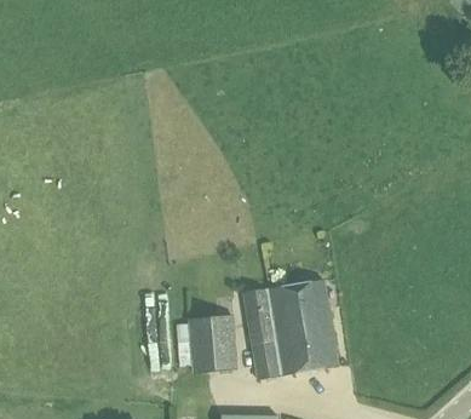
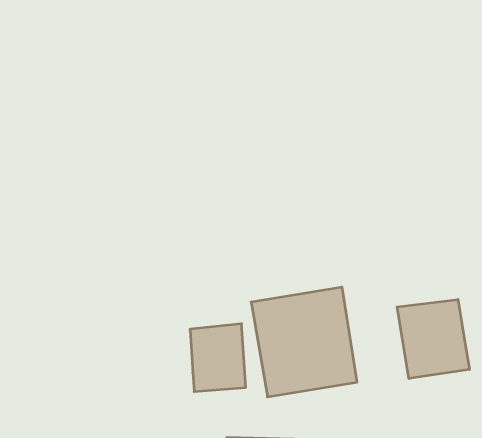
building: none -> [397,299,469,379]

